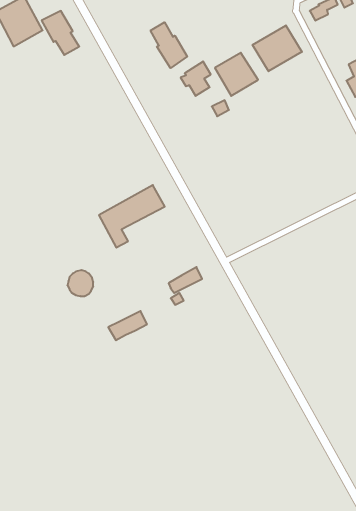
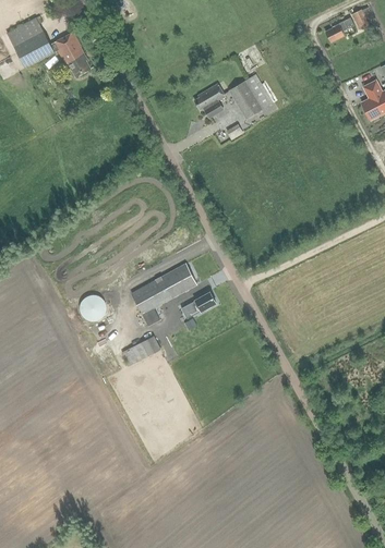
building: [151,22,187,68] -> none
building: [253,25,302,71] -> none
building: [99,185,165,248] -> [131,263,197,326]

